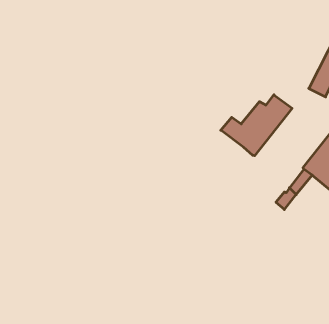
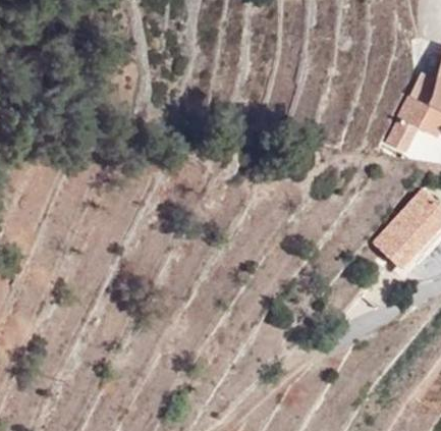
building: [221,95,292,156] -> none

